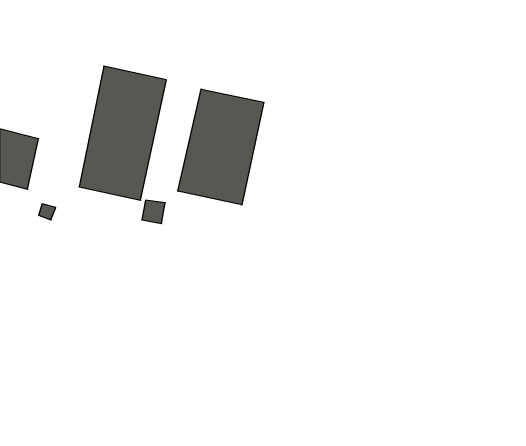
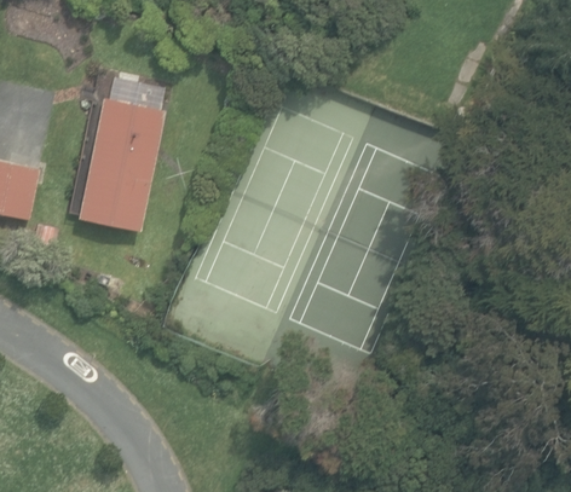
building: [178,89,264,205] -> none

